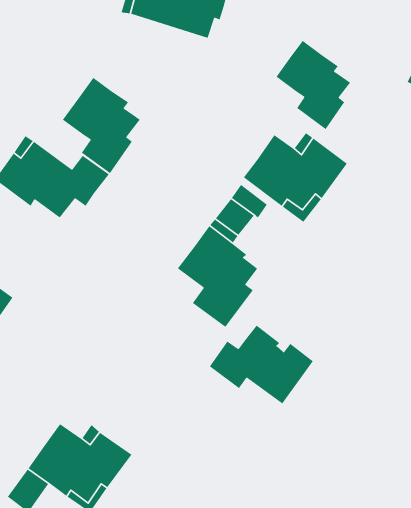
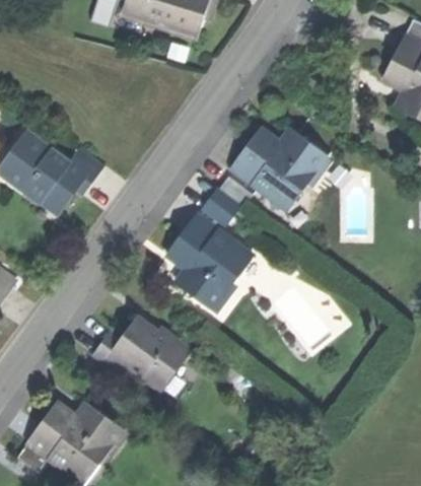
building: [276,40,351,130] -> none
building: [62,77,141,174] -> none
building: [209,324,314,404] -> [94,317,193,392]

